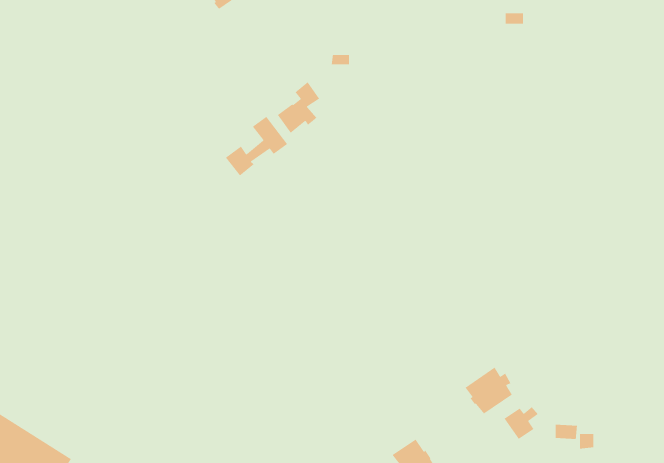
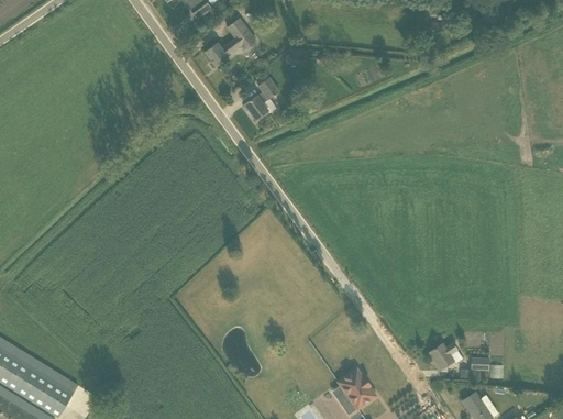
building: [225,116,288,177] -> [205,18,256,67]
building: [465,367,513,414] -> none

